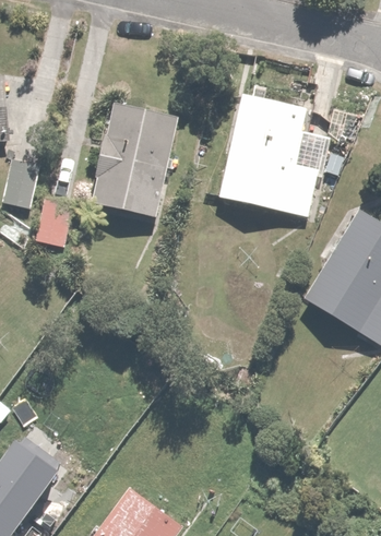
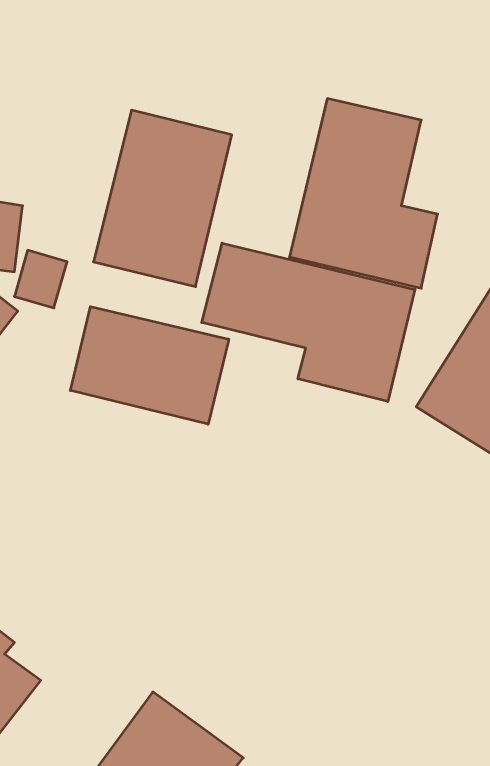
building: none -> [202,243,415,402]
building: none -> [70,307,229,424]

